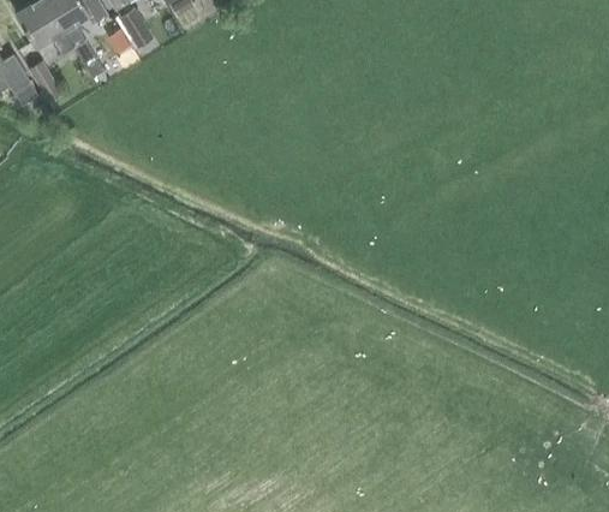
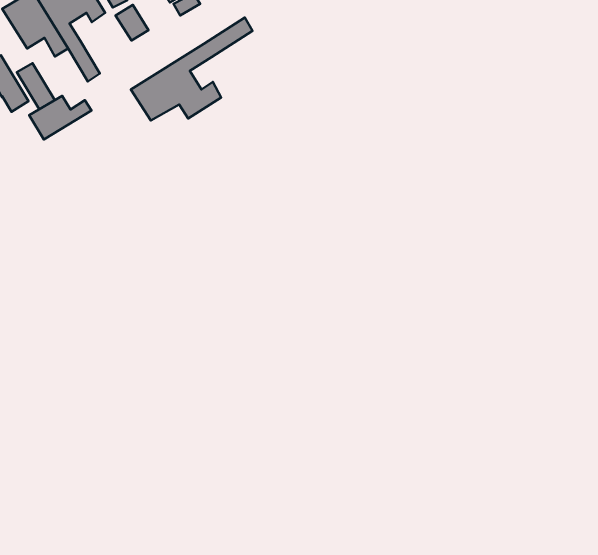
building: none -> [131,17,253,120]
building: none -> [29,96,91,139]

